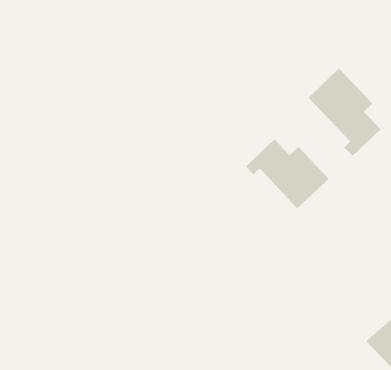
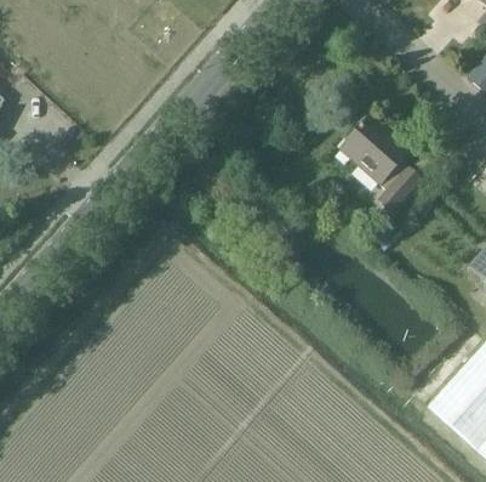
building: [246,139,329,209] -> none

